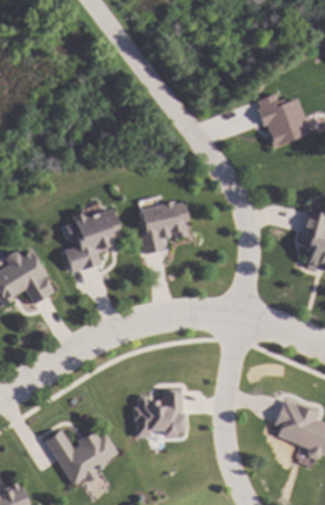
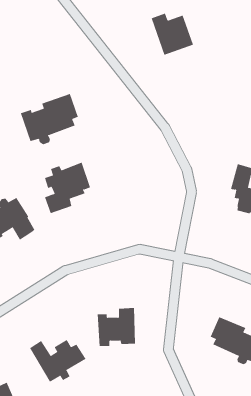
building: [253,95,307,148] -> [151,13,194,55]
building: none -> [20,93,79,145]
building: [139,201,190,254] -> none

